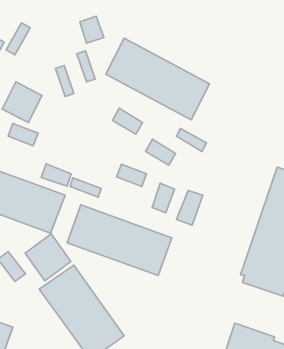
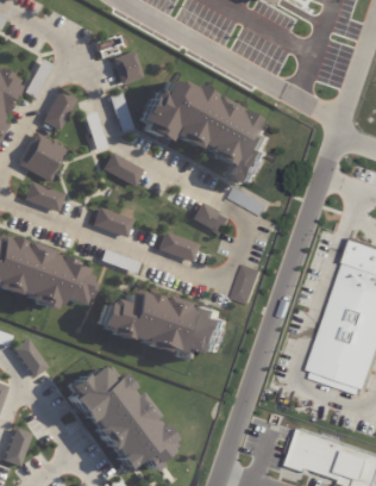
building: none -> [43,88,79,131]
building: [112,108,143,134] -> [106,154,143,186]
building: [41,164,71,186] -> [96,207,133,235]
building: [152,183,175,213] -> none
building: [25,234,71,281] -> none

